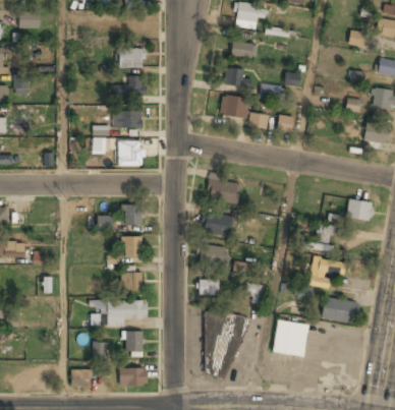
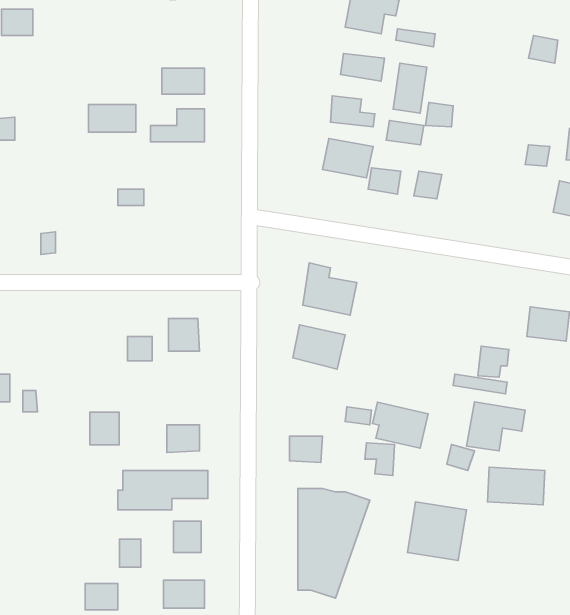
building: none -> [393,63,427,113]
building: [113,111,143,128] -> [89,104,136,132]
building: [120,141,143,165] -> none
building: [123,237,142,257] -> [90,412,119,445]
building: [195,241,230,270] -> [373,402,428,448]

